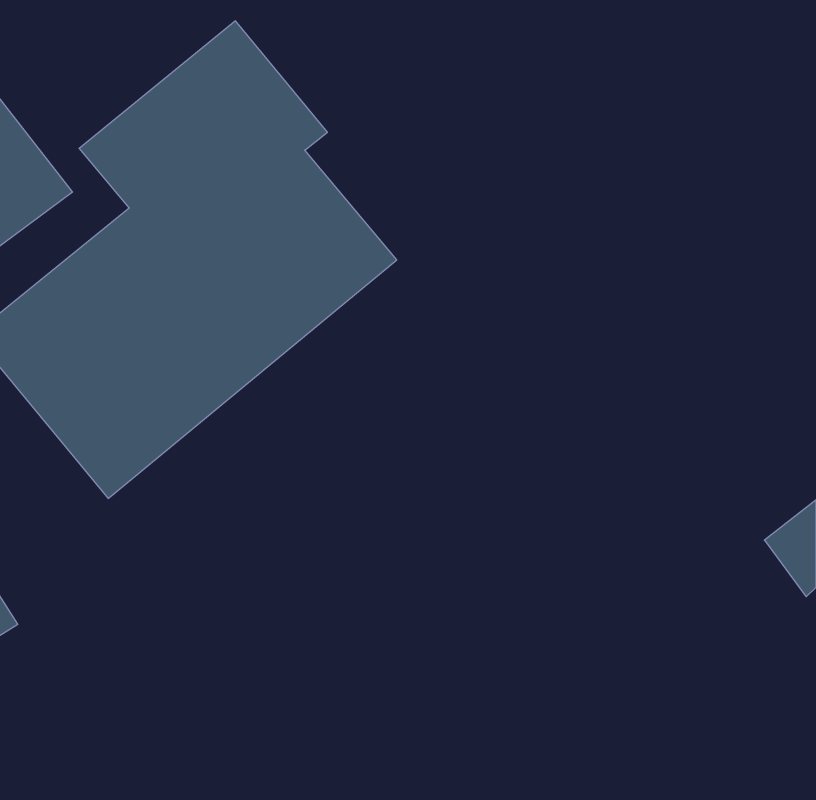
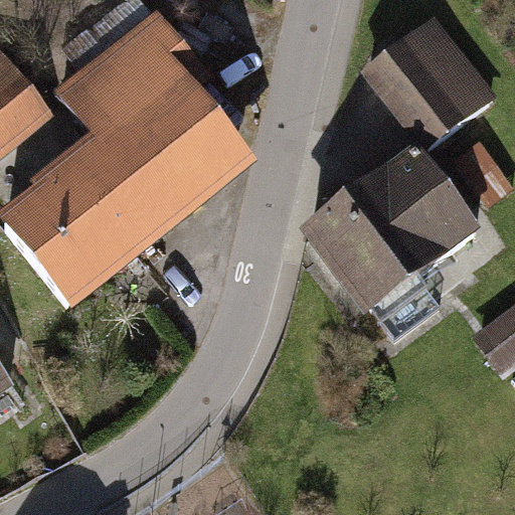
building: none -> [375,13,501,141]
building: none -> [312,141,493,317]

